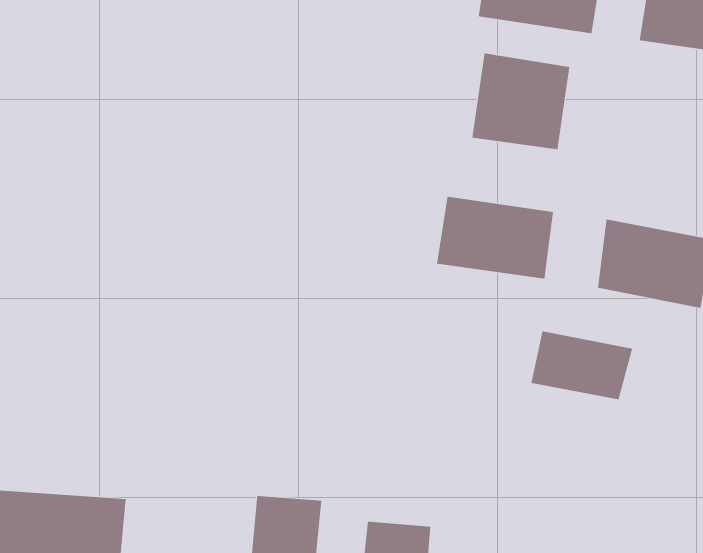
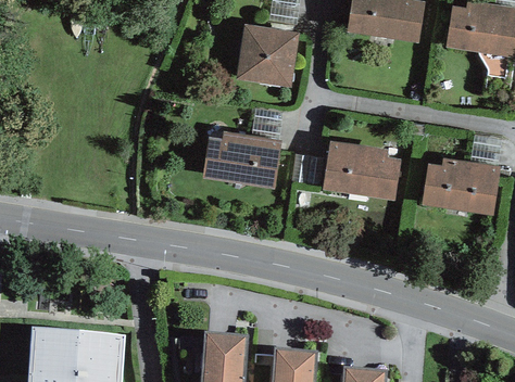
building: [472,53,570,150] -> [238,27,300,88]
building: none -> [203,132,275,184]
building: [531,331,633,400] -> none

